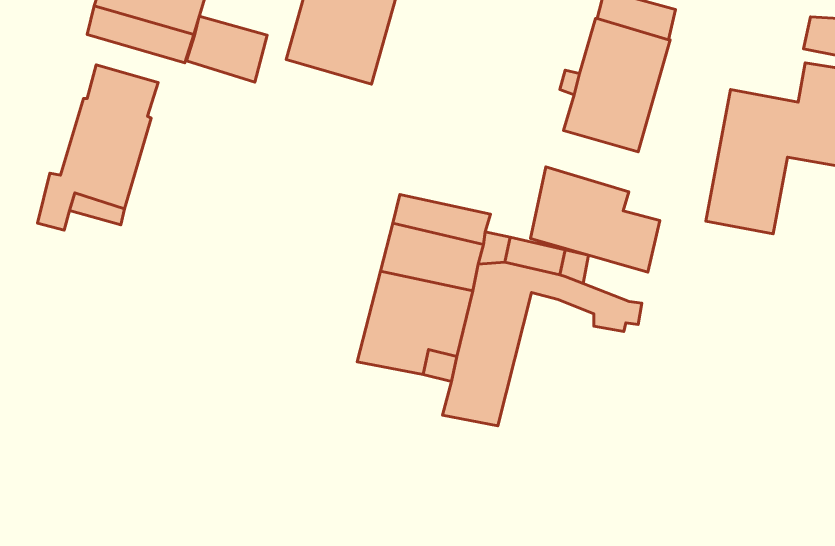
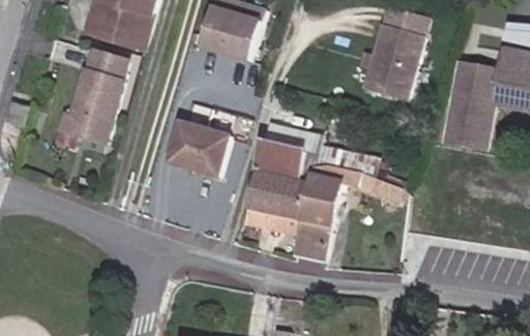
building: [186,16,267,82] -> none
building: [531,167,660,272] -> none
building: none -> [169,121,230,176]

